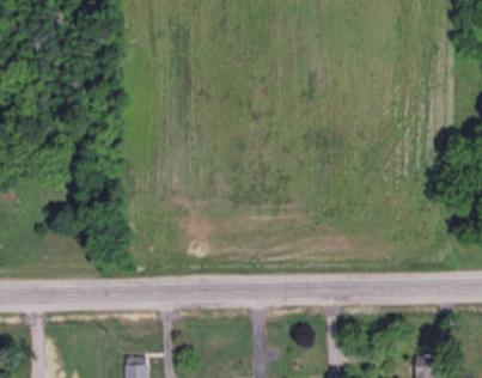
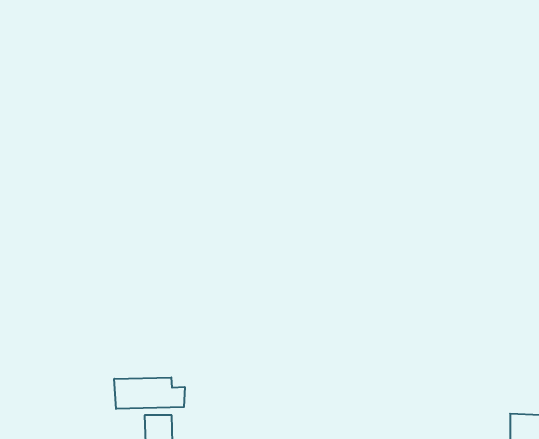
building: none -> [114,377,185,409]

